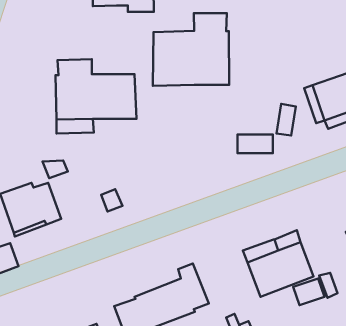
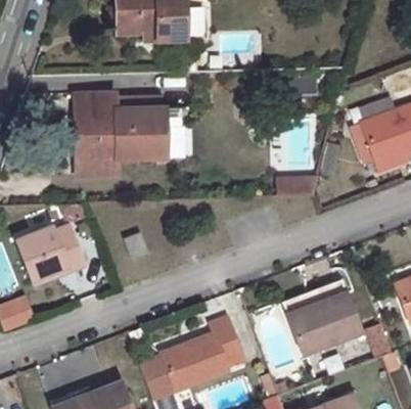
building: [153,13,229,86] -> none

